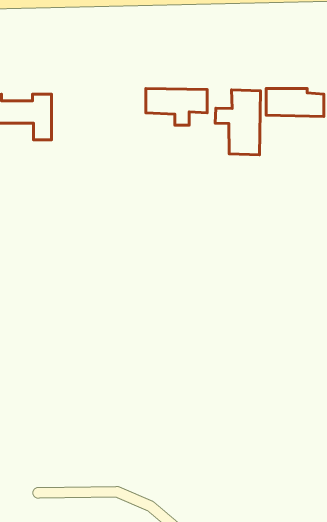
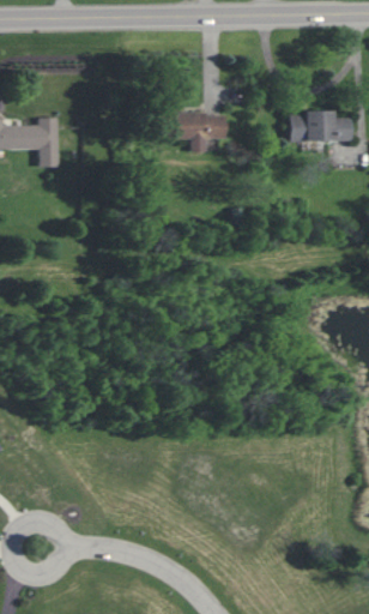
building: [215,90,261,155] -> none

